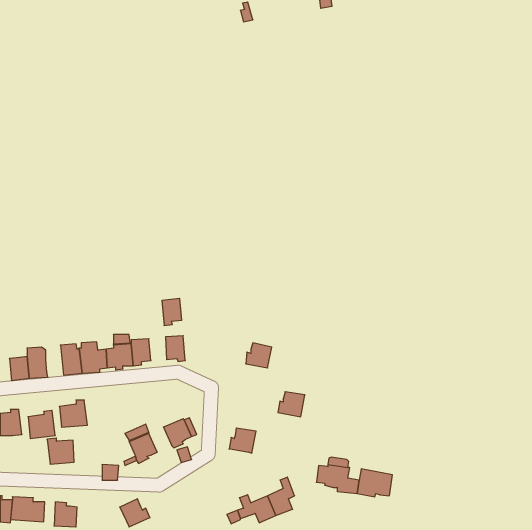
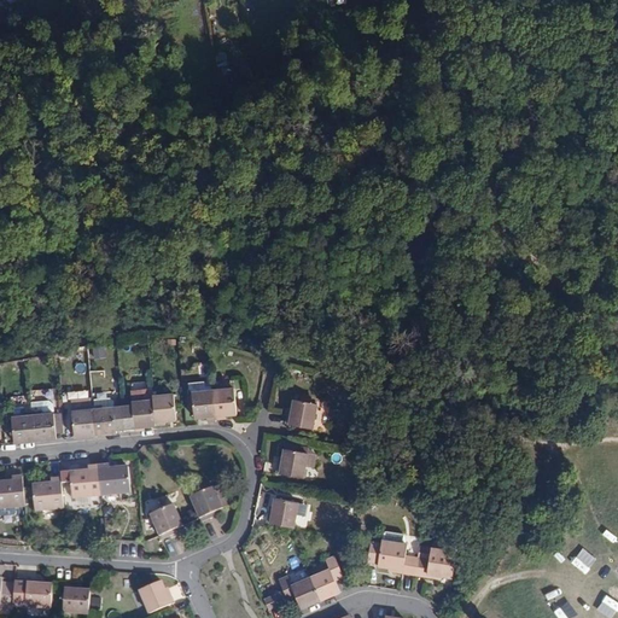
building: [162,298,182,325] -> [212,387,235,419]
building: [278,392,305,417] -> [275,448,307,477]
building: [47,438,74,464] -> [98,464,129,494]

